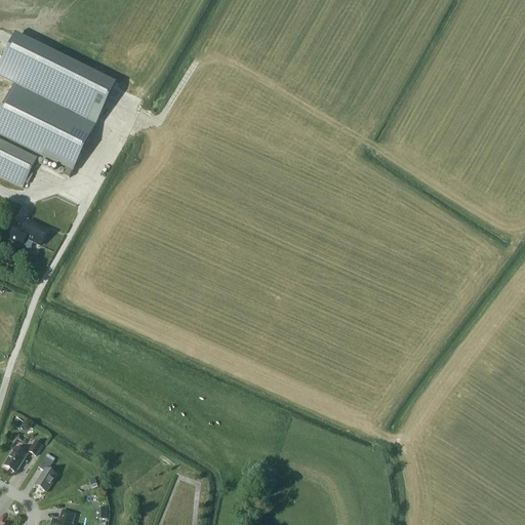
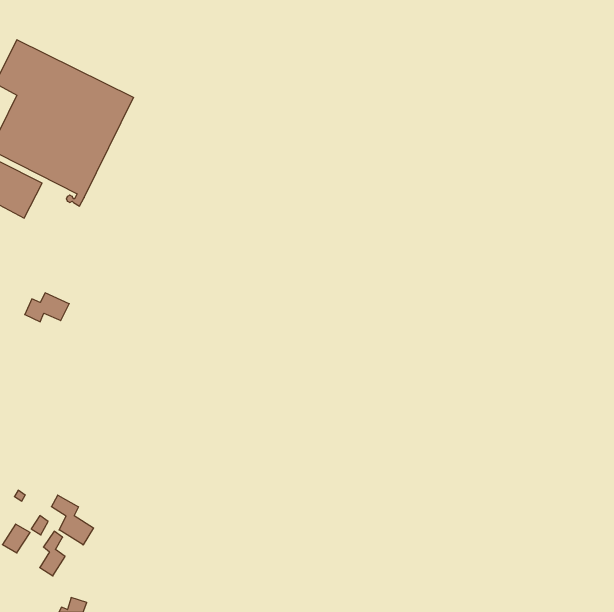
building: [8,219,46,244] -> [25,293,69,322]
building: none -> [51,495,94,545]

